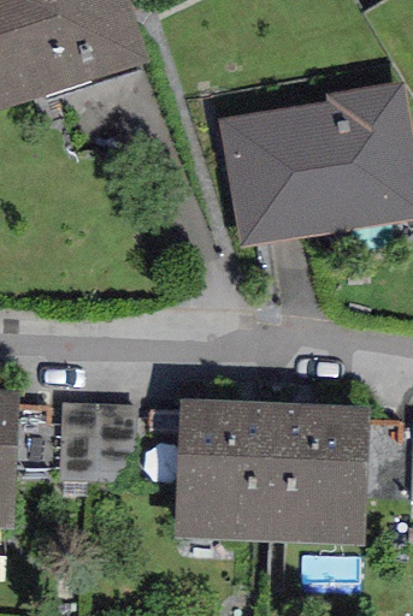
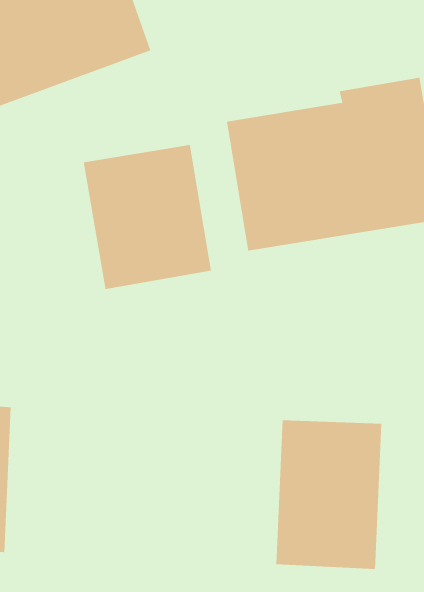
building: none -> [83,144,212,290]
building: [176,399,273,540] -> none

